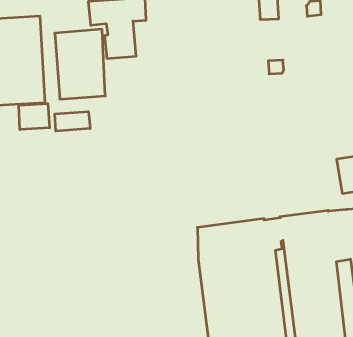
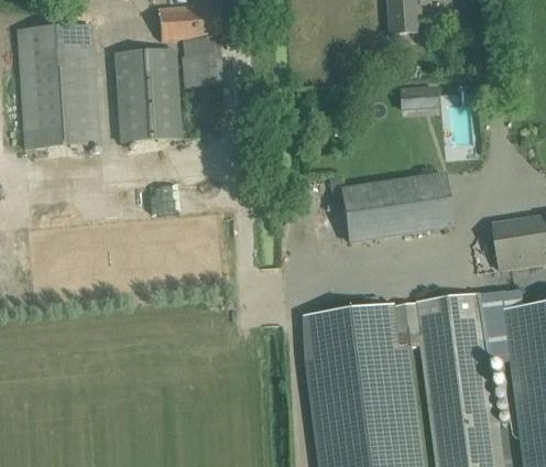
building: [19,104,50,130] -> none
building: [55,112,90,131] -> none
building: none -> [341,173,451,240]

